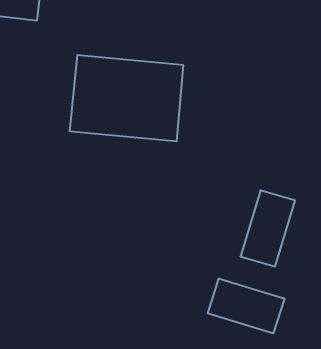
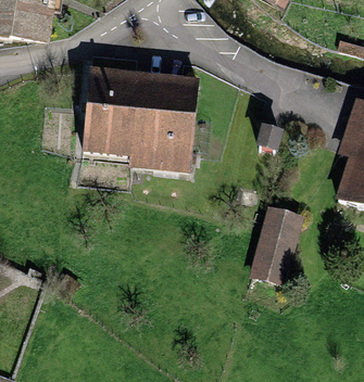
building: [208,278,284,333] -> none

